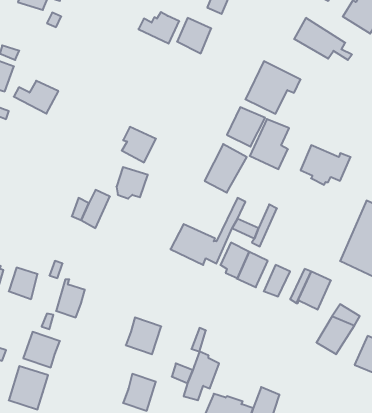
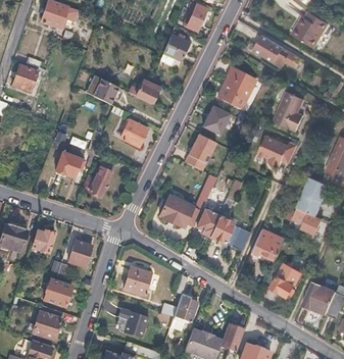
building: [138,12,179,44] -> [128,79,159,103]
building: [14,81,58,114] -> [85,80,119,105]
building: [250,119,289,169] -> [276,90,306,129]
building: [116,167,148,199] -> [56,154,81,178]

